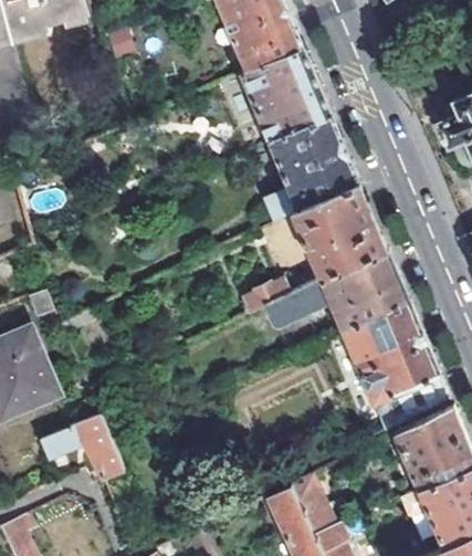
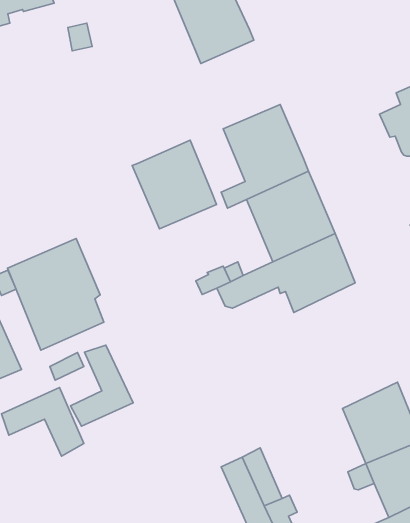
building: [240,48,328,140] -> [132,140,217,229]
building: none -> [8,239,104,350]
building: [343,302,449,431] -> none
building: none -> [70,345,133,426]

